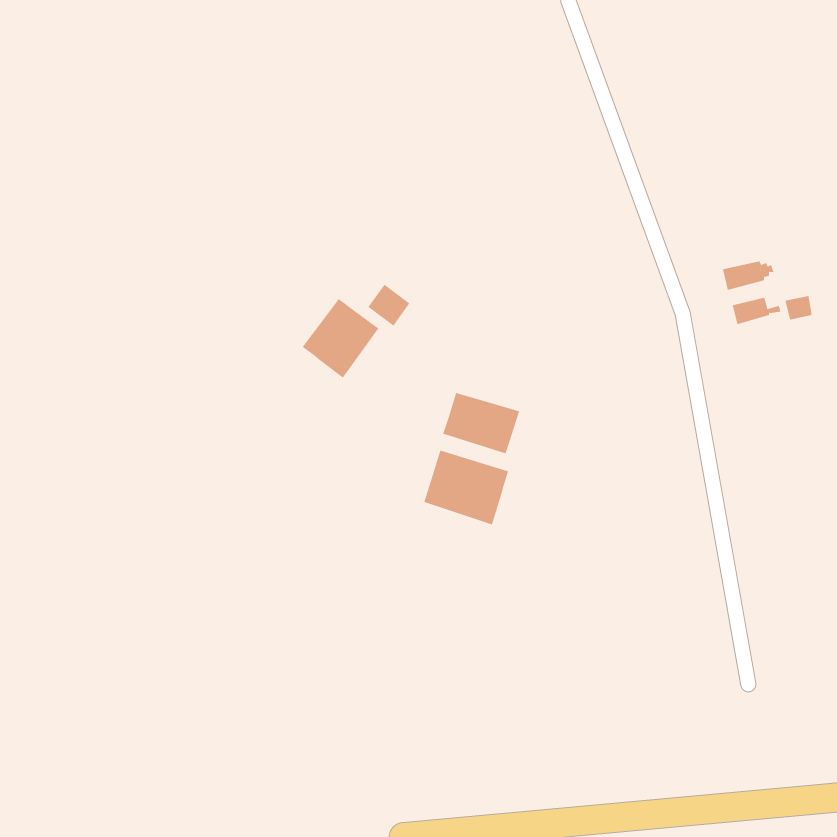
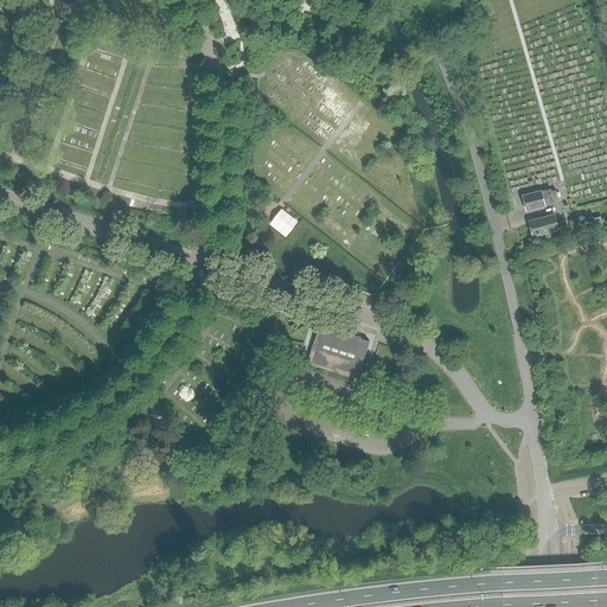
building: [302,298,379,378] -> none
building: [443,392,520,454] -> none

